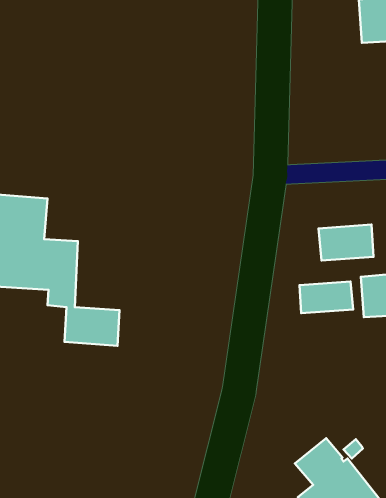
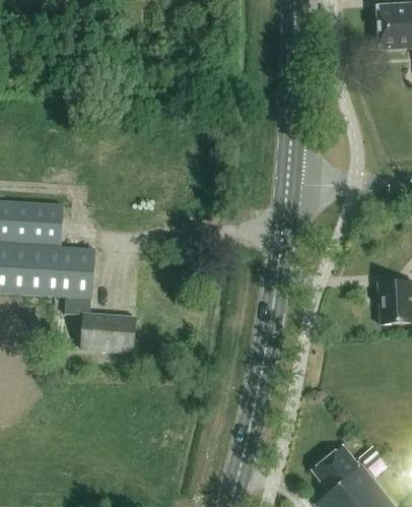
building: [318,225,373,261] -> none
building: [299,281,353,313] -> none

